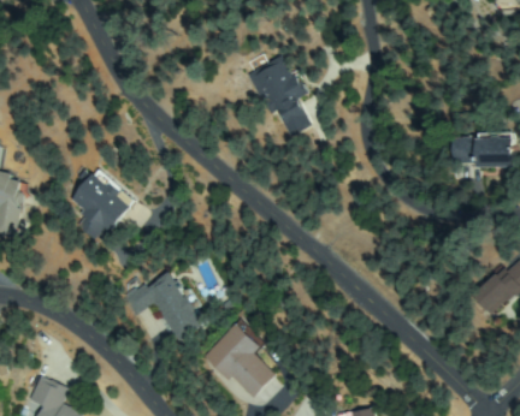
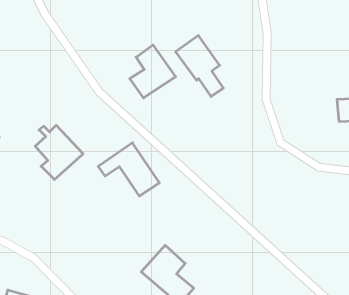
building: none -> [130,45,176,98]
building: [128,272,205,339] -> [98,143,159,196]

